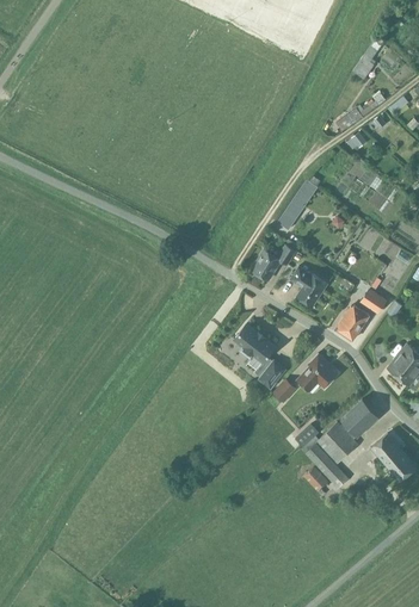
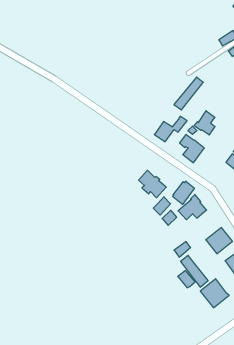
building: none -> [194,111,215,135]
building: [338,305,369,340] -> [173,181,194,204]
building: [316,421,359,464] -> [200,279,229,308]

